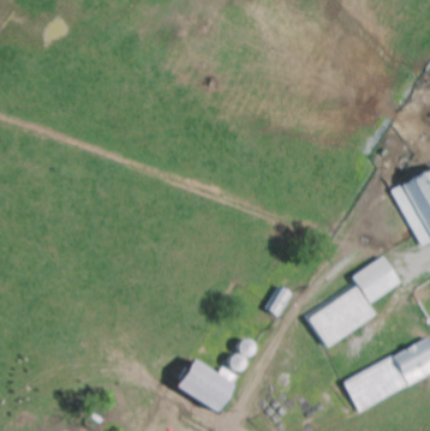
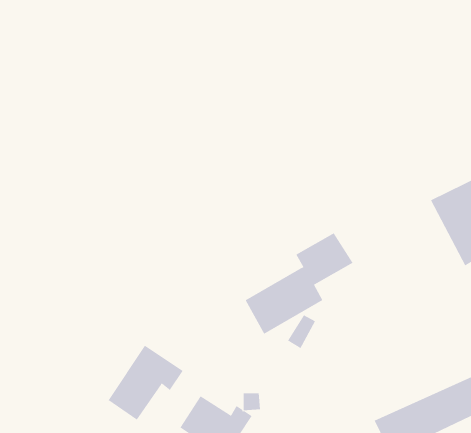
building: [306,257,401,346] -> [245,233,354,334]
building: none -> [108,345,183,420]

